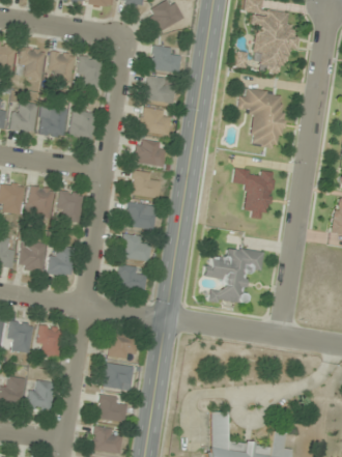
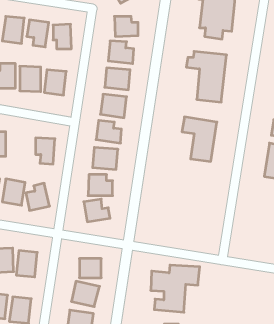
building: [27,188,52,217] -> none
building: [204,249,262,305] -> [151,265,200,312]

